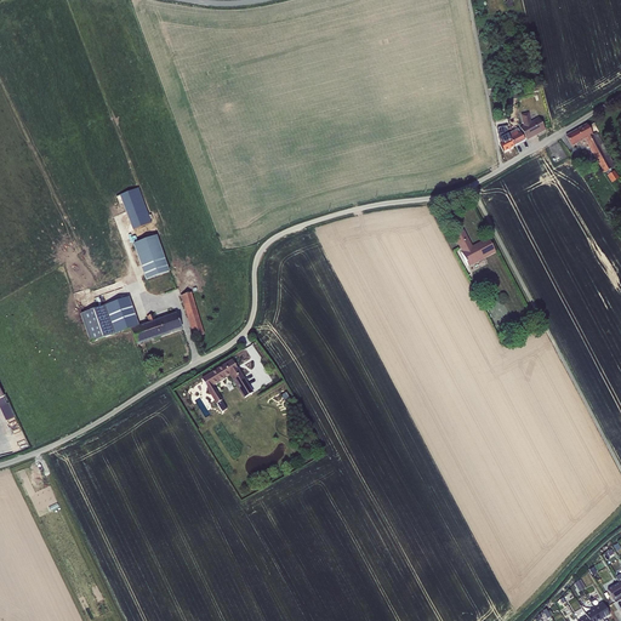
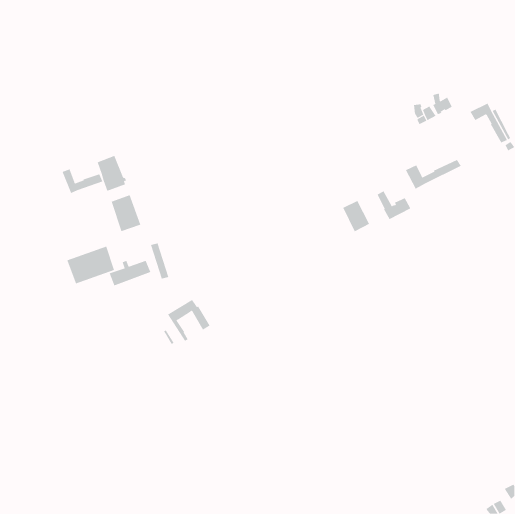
building: none -> [405,159,462,189]
building: none -> [62,169,103,194]
building: none -> [342,200,370,232]

